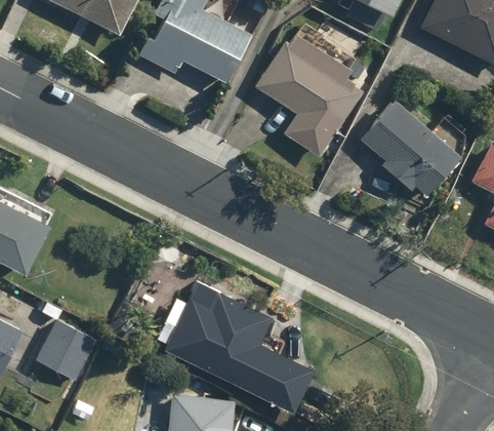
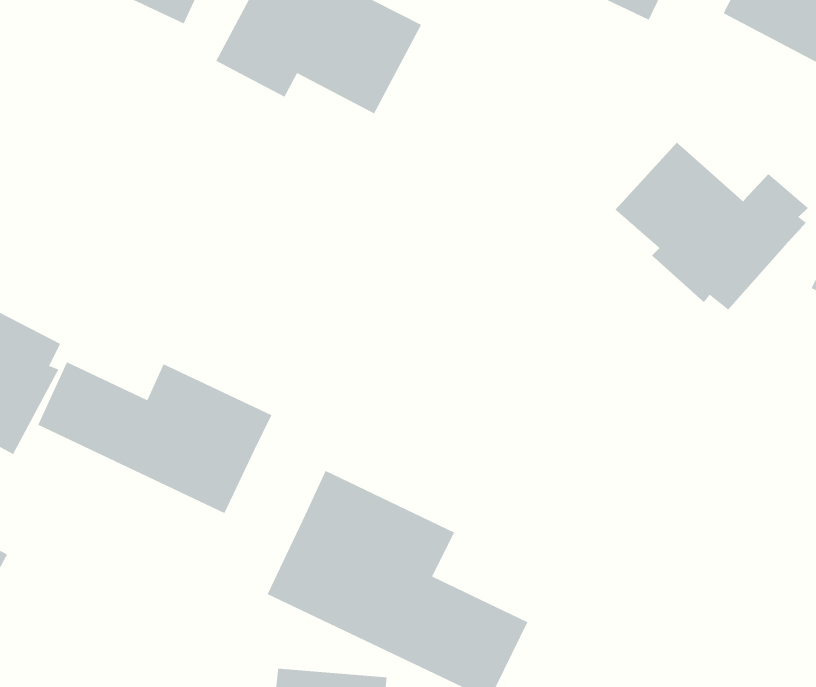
building: [253,33,362,157] -> none
building: none -> [37,361,273,514]
building: [36,320,96,381] -> none

